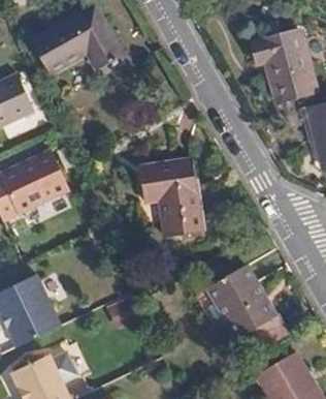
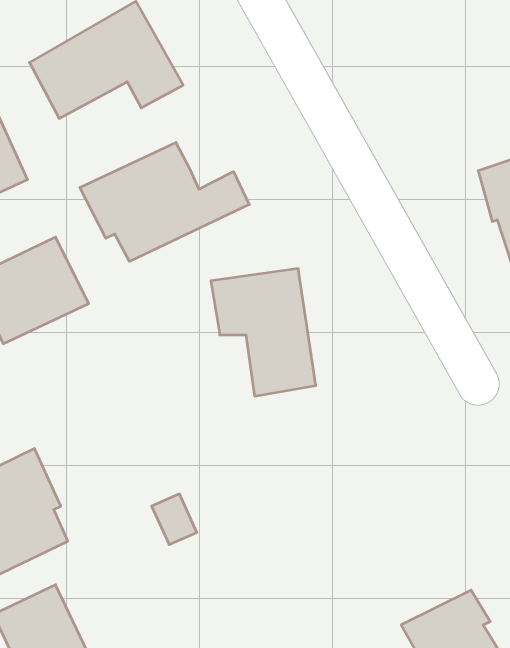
building: [251,27,314,98] -> none
building: none -> [80,142,249,261]
building: [208,271,276,347] -> none

